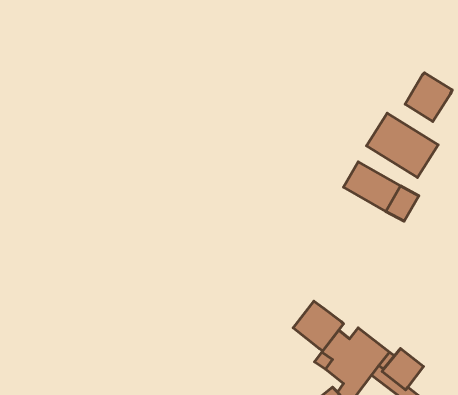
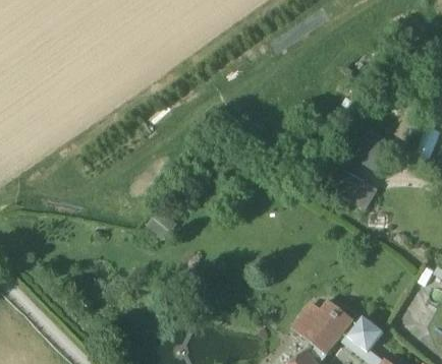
building: [405,73,452,121] -> none
building: [293,301,343,351] -> none

